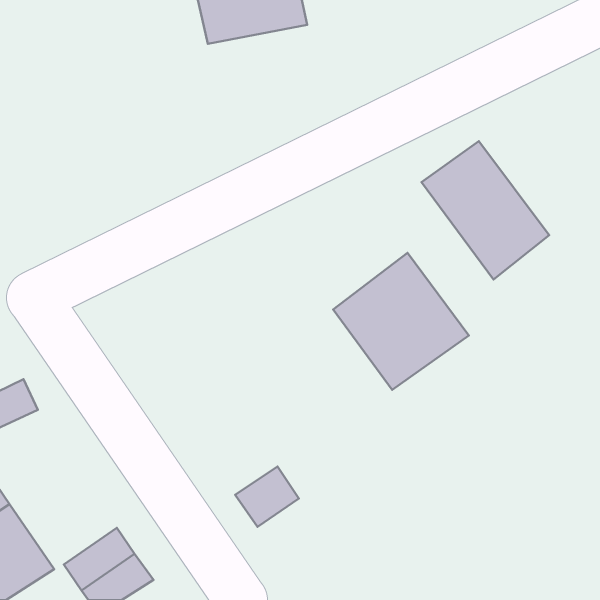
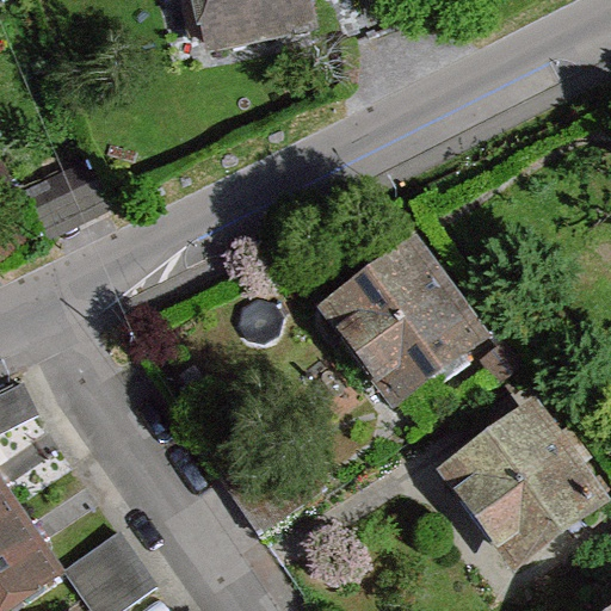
building: [421,141,549,279] -> none
building: none -> [453,419,592,556]

